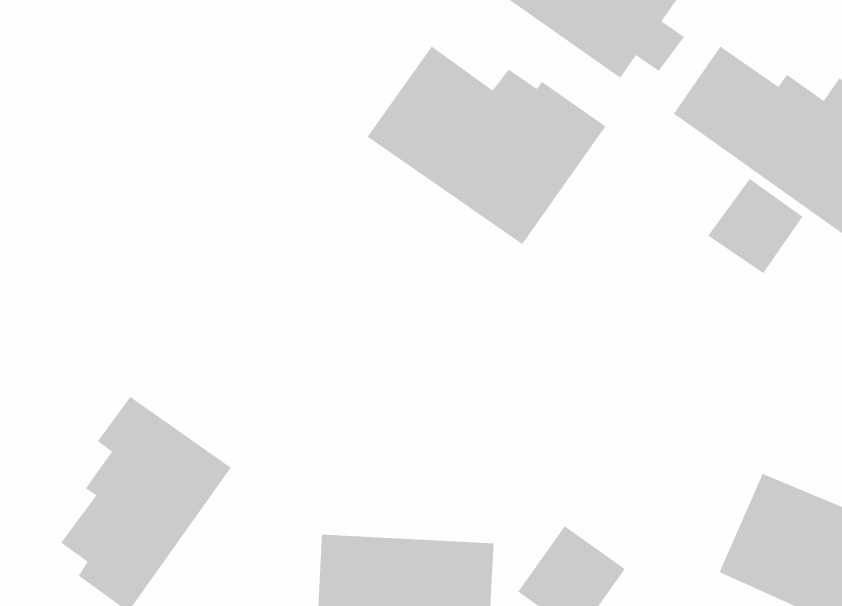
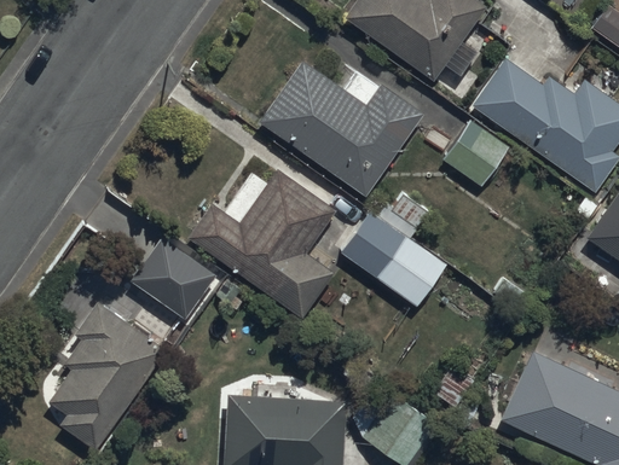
building: [707,178,804,274] -> [442,121,509,187]
building: none -> [186,169,336,318]
building: none -> [340,197,447,307]
building: none -> [128,237,216,320]

